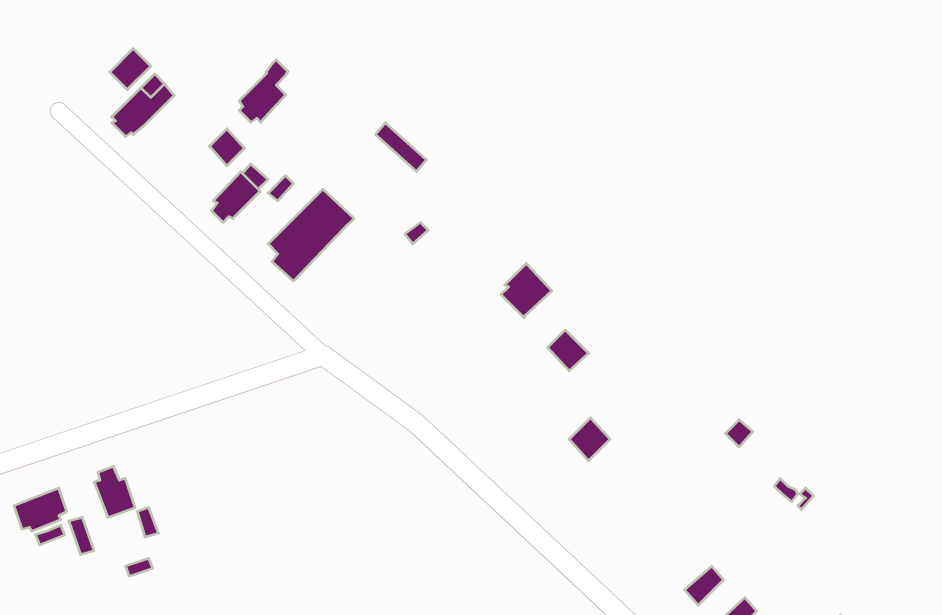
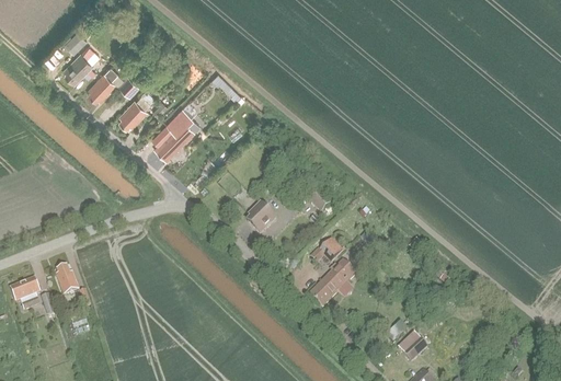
building: [239,60,288,122] -> [90,66,117,101]
building: [501,263,552,318] -> [247,203,275,233]
building: none -> [310,262,354,305]

